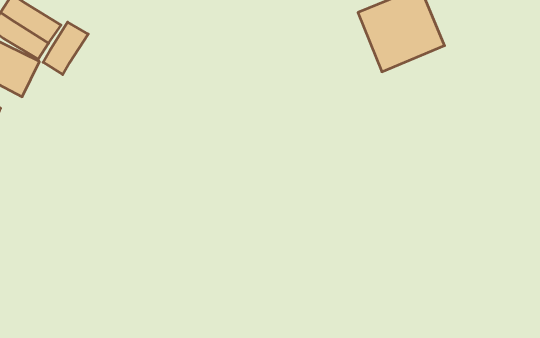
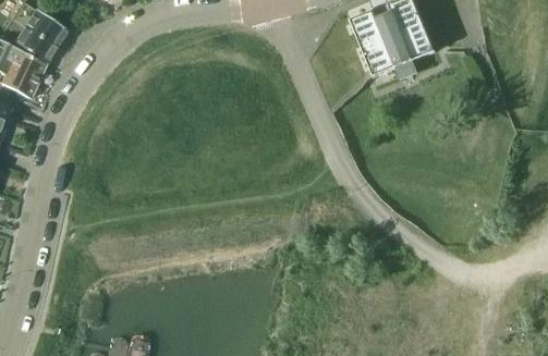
building: [43,22,88,75] -> none

